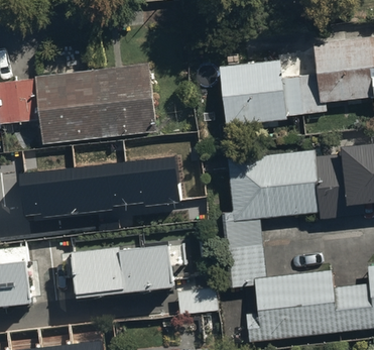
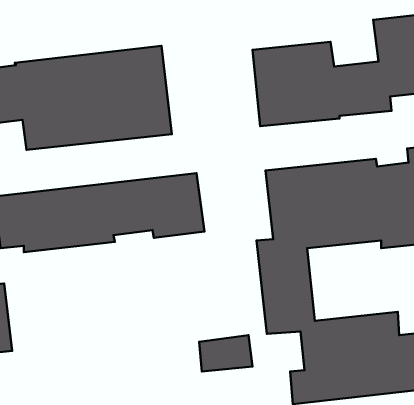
building: [72,239,188,294] -> none

